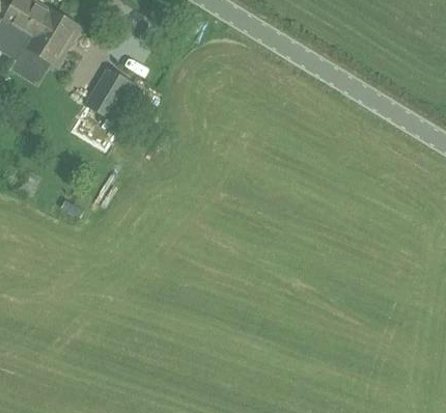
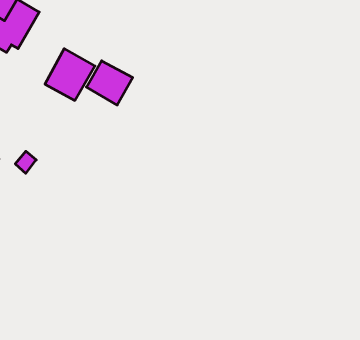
building: none -> [86,61,133,105]

